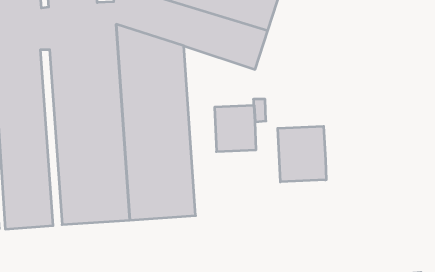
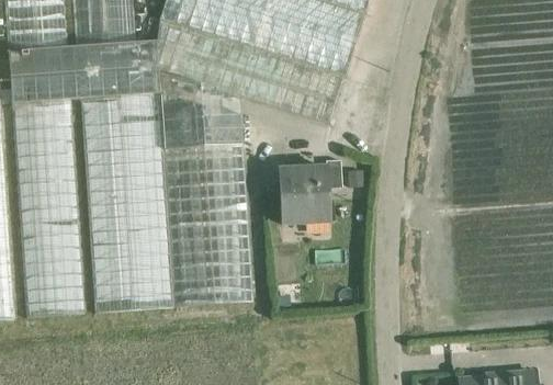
building: [278,126,326,182] -> none

